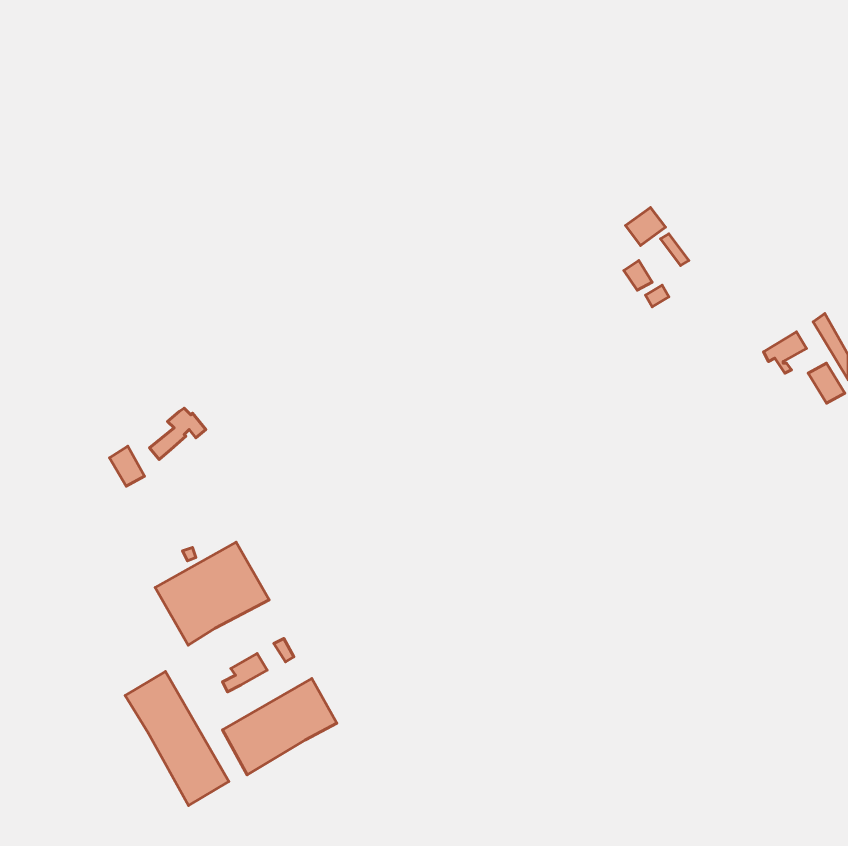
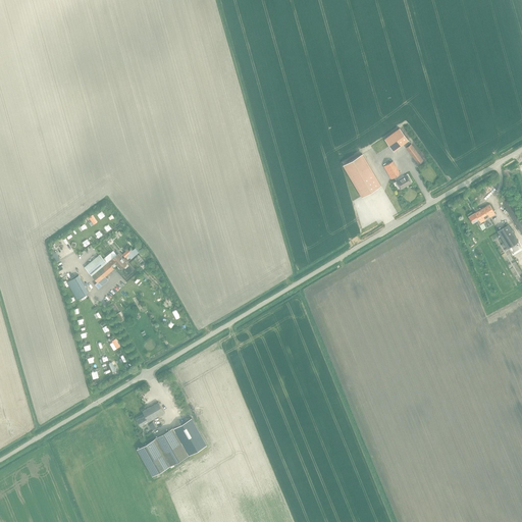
building: none -> [344,155,380,197]
building: [155,542,269,645] -> none
building: [125,671,229,806] -> none

